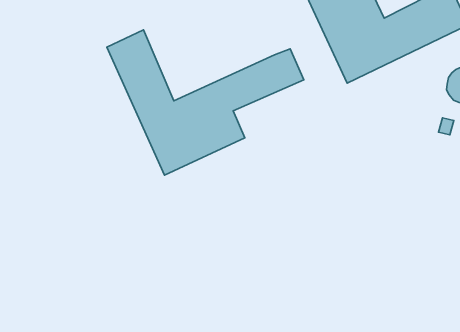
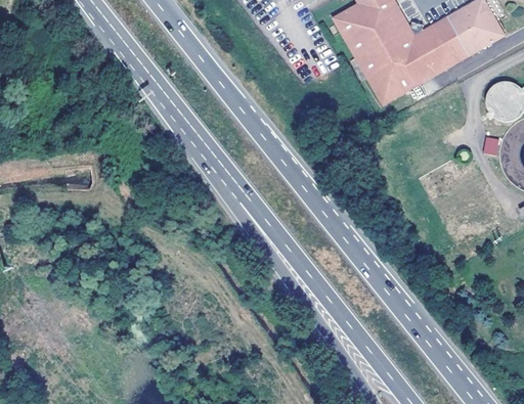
building: [107,30,304,175] -> none

